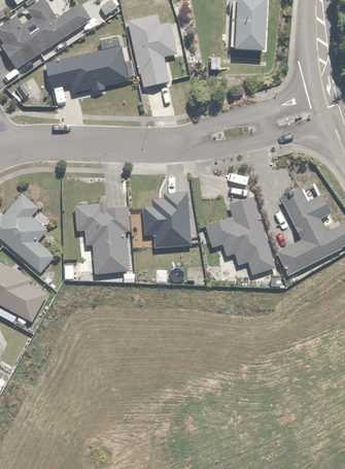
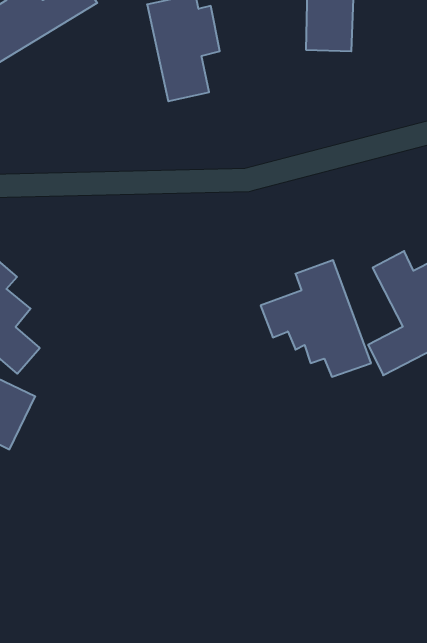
building: [43,43,129,89] -> none
building: [142,193,191,248] -> none
building: [76,203,130,273] -> none

